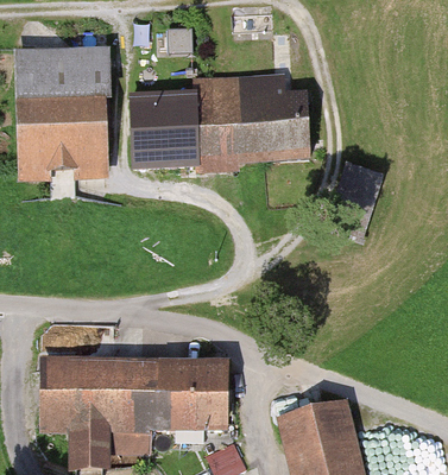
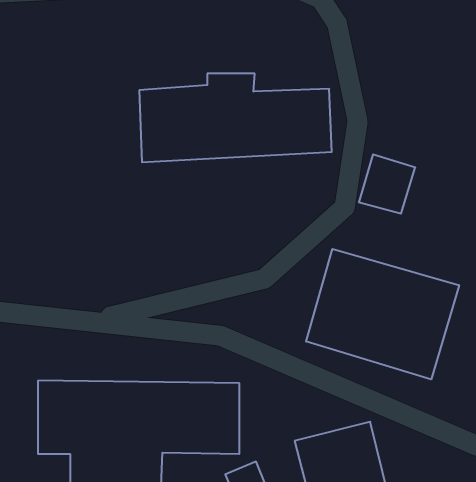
building: [13,57,111,170] -> none
building: none -> [306,249,459,379]

